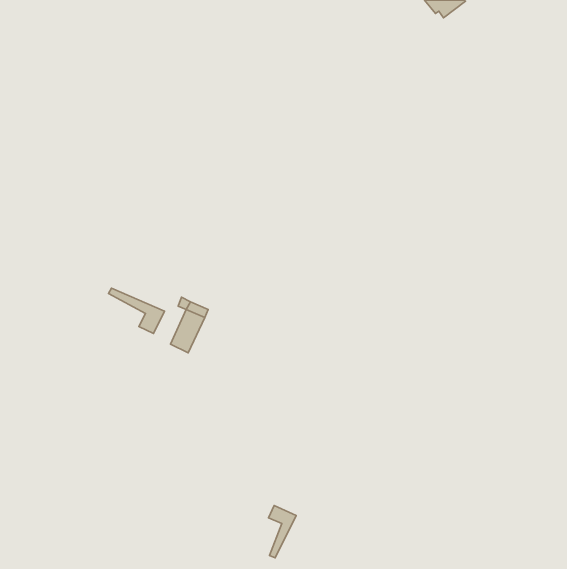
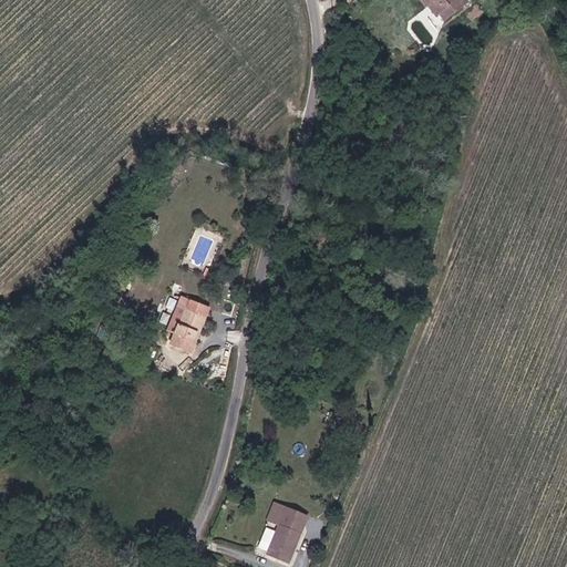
building: [109,288,164,334] -> none
building: none -> [274,513,308,561]

